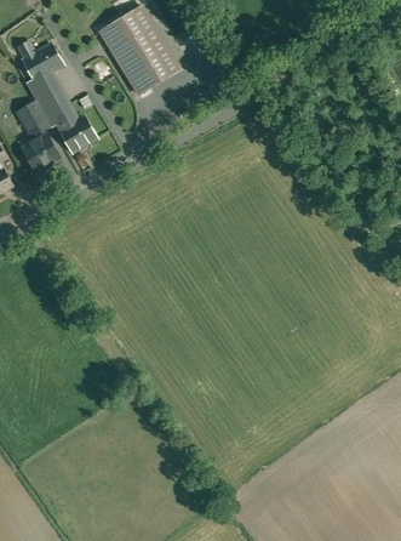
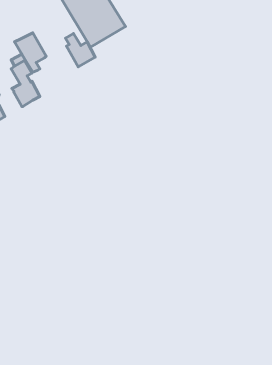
building: [24,46,64,82] -> none
building: [57,108,97,153] -> [66,34,95,67]

